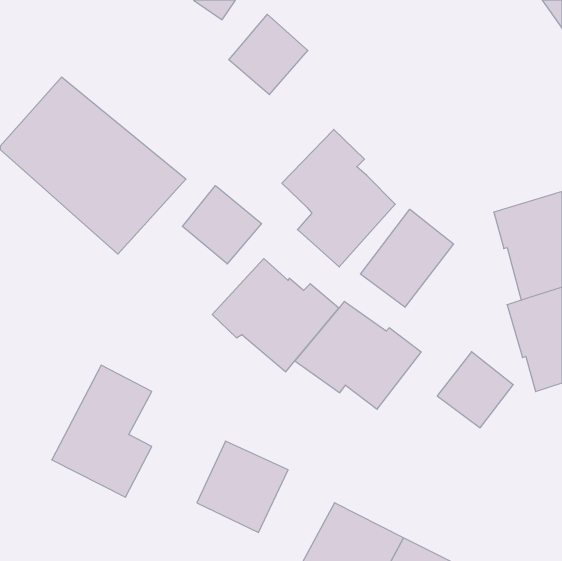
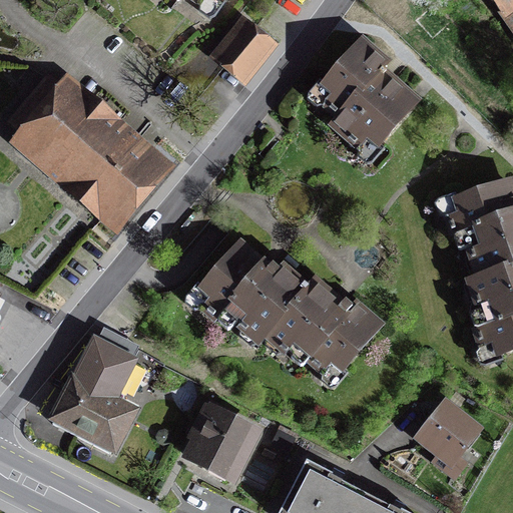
building: [282,129,395,267] -> [317,32,420,157]
building: [182,186,261,264] -> none
building: [360,209,454,307] -> none
building: [437,352,513,428] -> [415,396,484,465]

